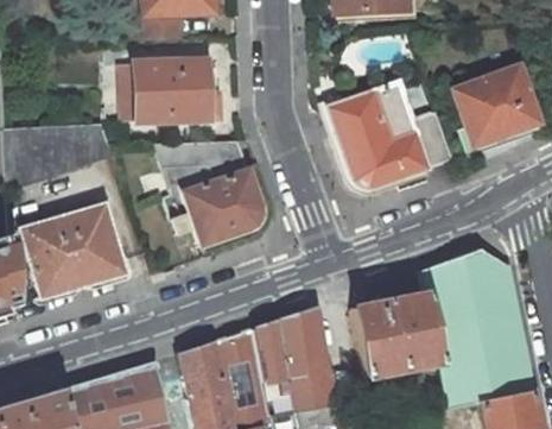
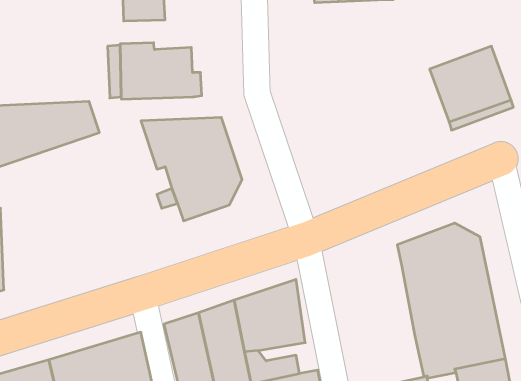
building: [329,84,453,187] -> none
building: [21,204,126,297] -> none
building: [353,295,439,378] -> none

